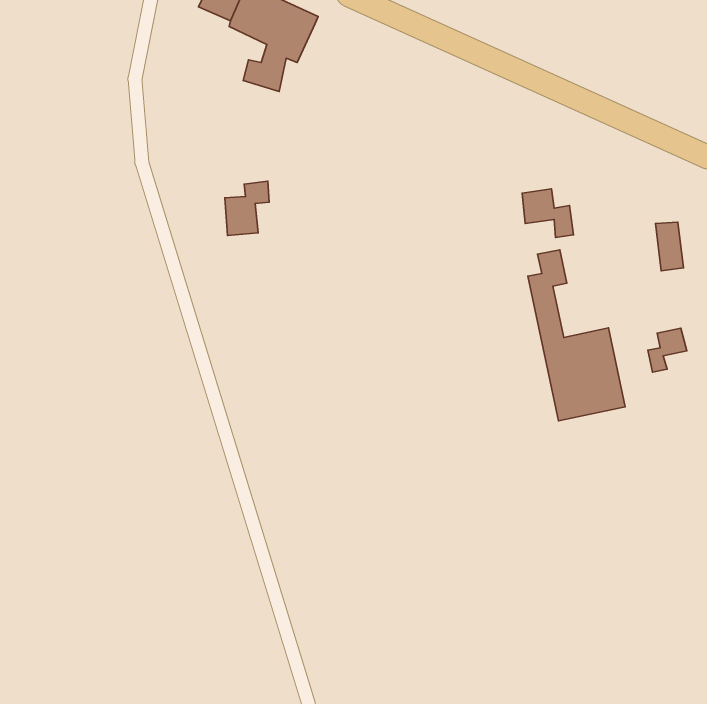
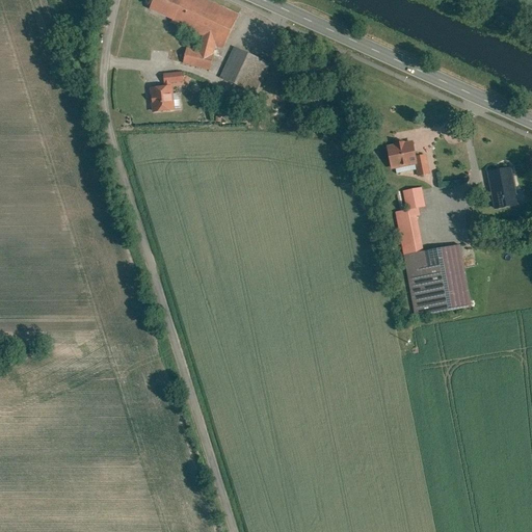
building: none -> [219,47,265,97]
building: [225,181,269,235] -> [150,73,183,113]
building: [648,328,687,372] -> none

